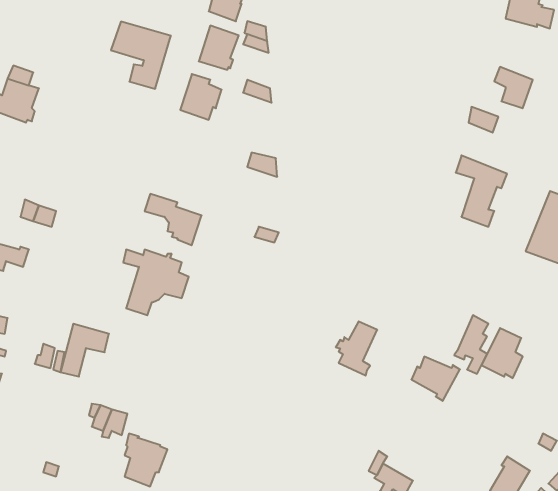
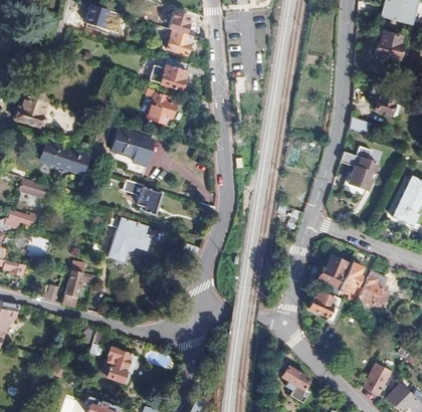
building: [111,22,171,89] -> [112,130,154,177]
building: none -> [40,142,88,175]
building: [336,321,377,376] -> [316,255,346,293]

